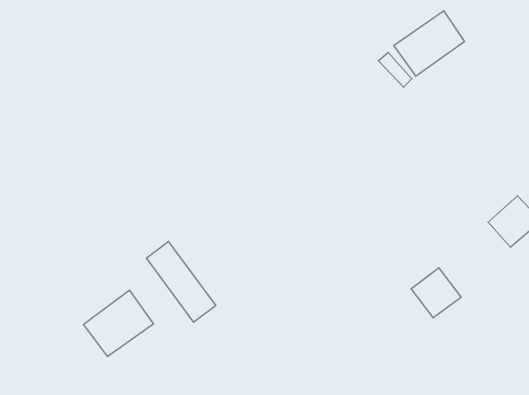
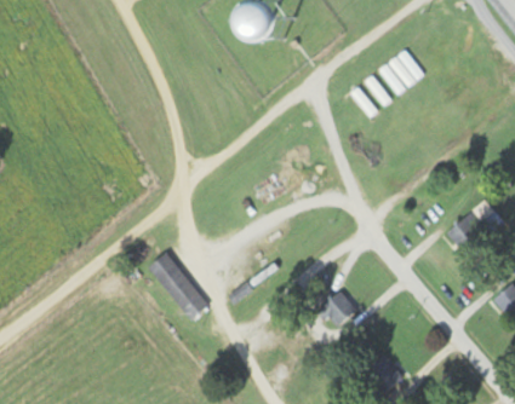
building: [411,268,461,318] -> [314,284,357,328]
building: [84,290,153,357] -> none

